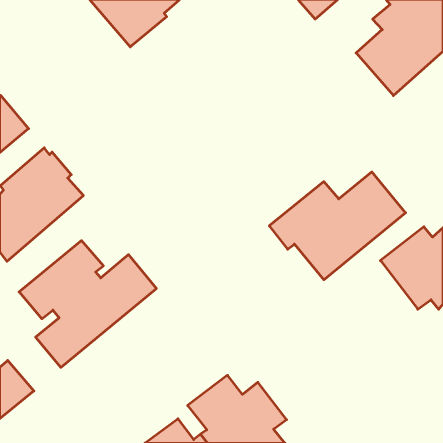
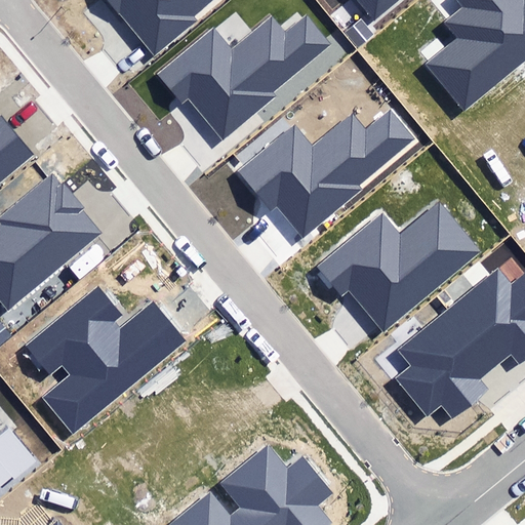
building: none -> [157,14,330,138]
building: none -> [237,106,417,237]
building: none -> [397,308,493,416]

